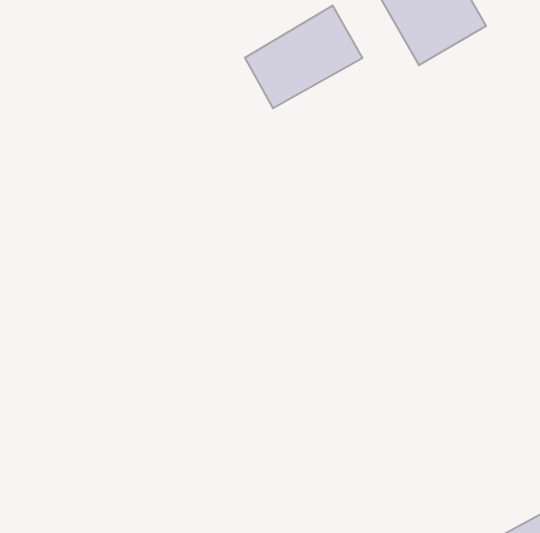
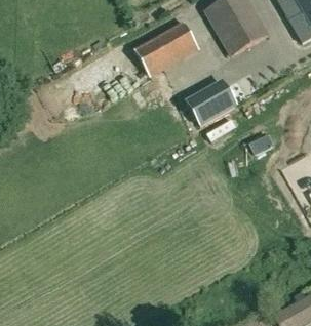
building: none -> [187,82,235,124]

